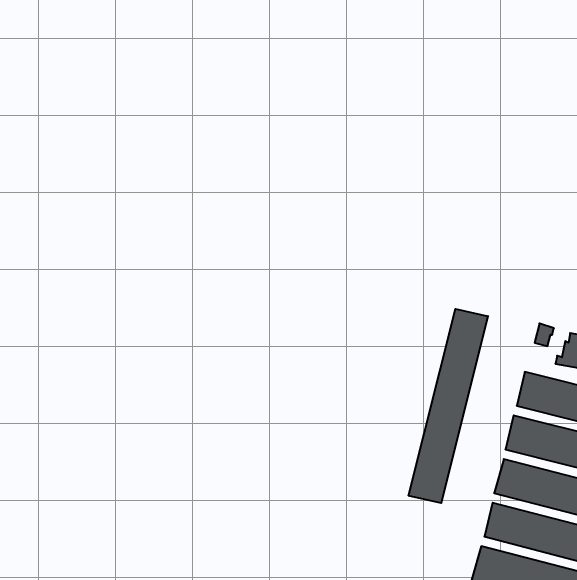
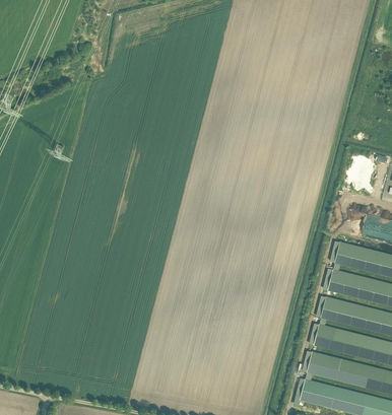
building: [409,309,488,503] -> none

